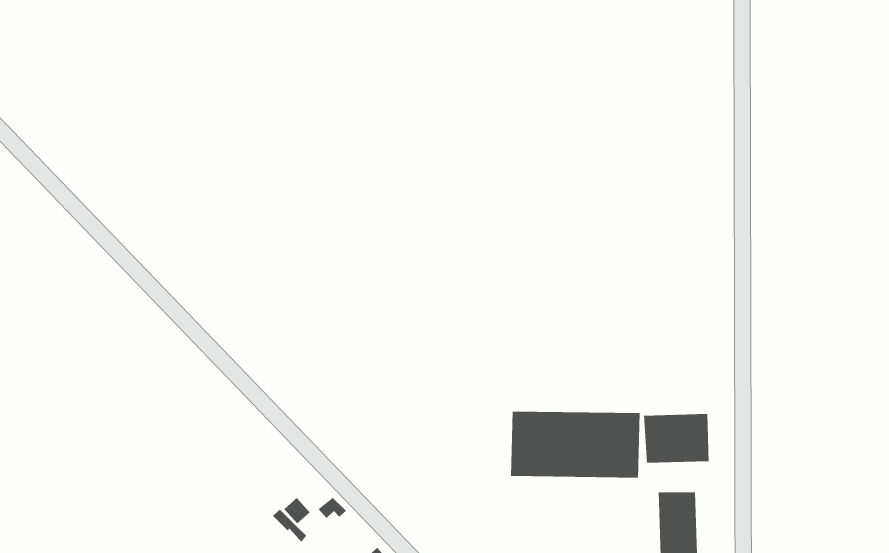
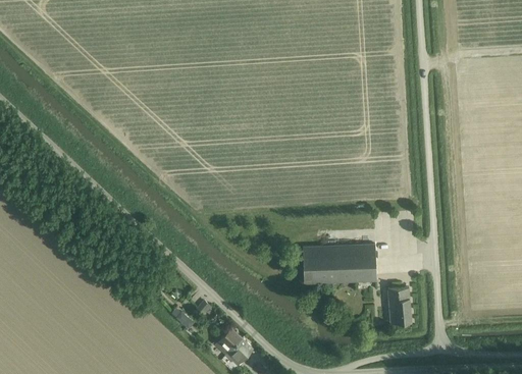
building: [644,413,709,464] -> none

